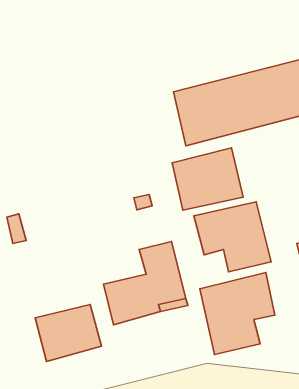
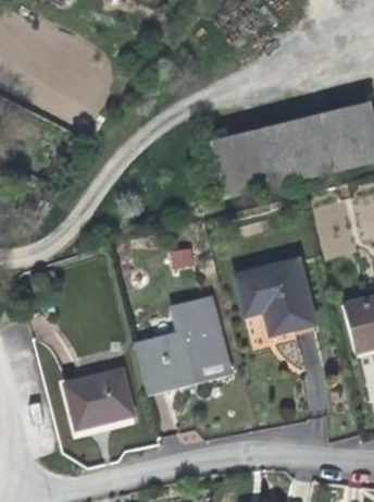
building: [172,148,243,210] -> none
building: [200,272,275,355] -> none

